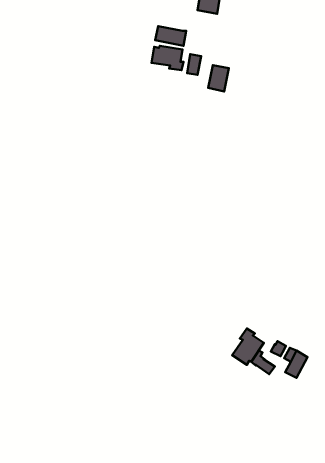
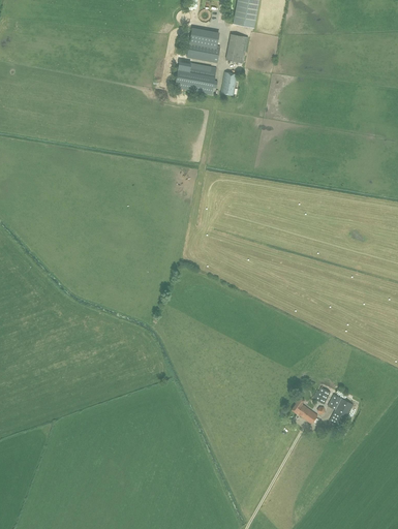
building: none -> [189,27,219,46]
building: [208,65,229,92] -> [225,34,248,63]
building: [232,329,264,365] -> none

